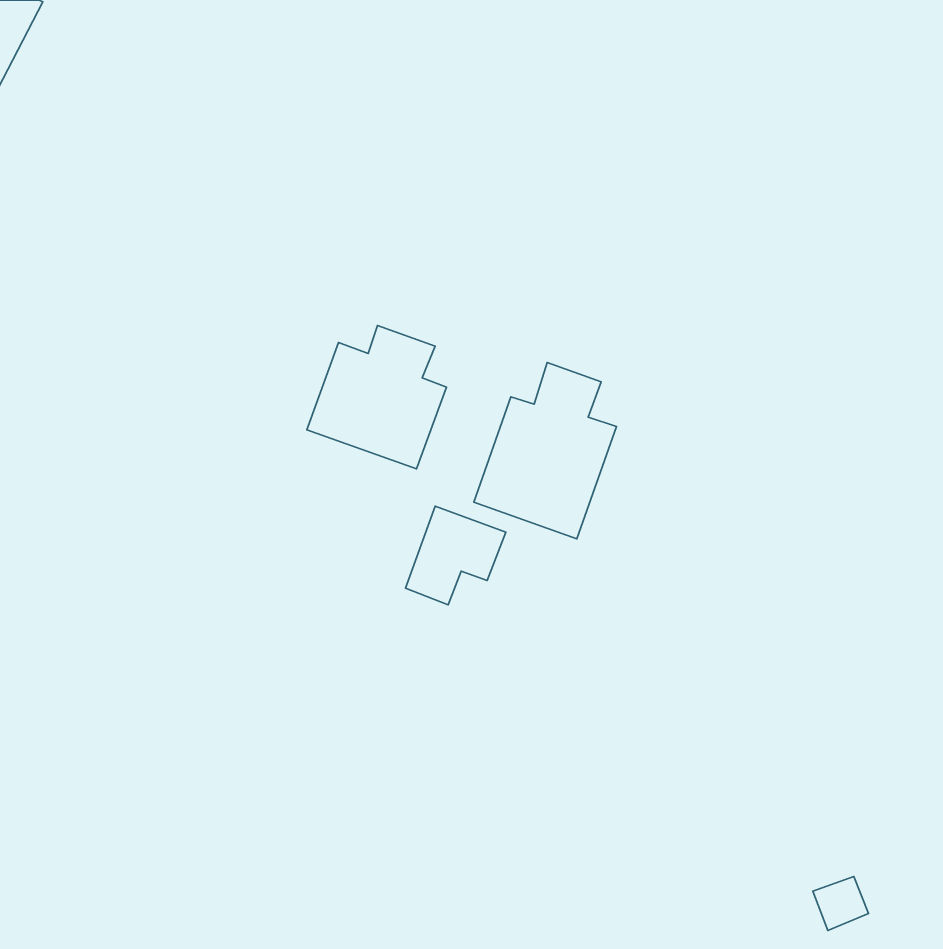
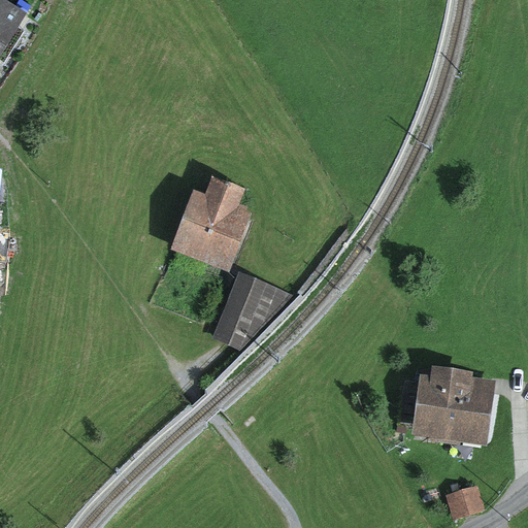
building: [474,362,616,539] -> none
building: none -> [414,376,486,442]

